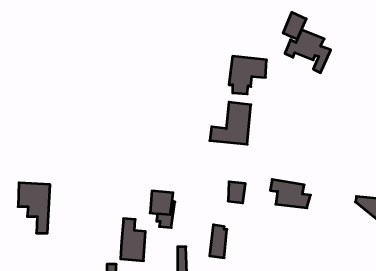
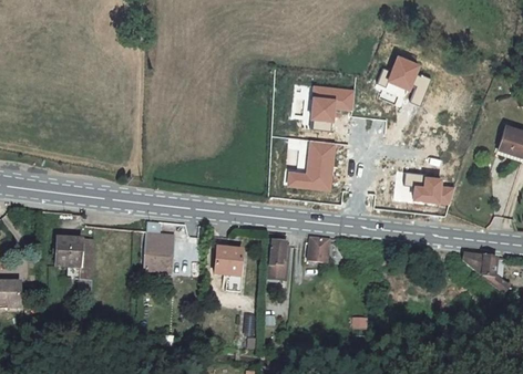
building: [283,12,306,39] -> none
building: [270,179,311,208] -> [404,169,453,204]
building: [121,219,145,261] -> [143,220,173,271]
building: [210,225,227,258] -> [267,240,288,280]

